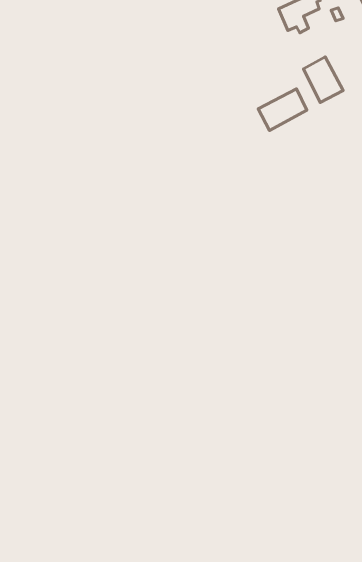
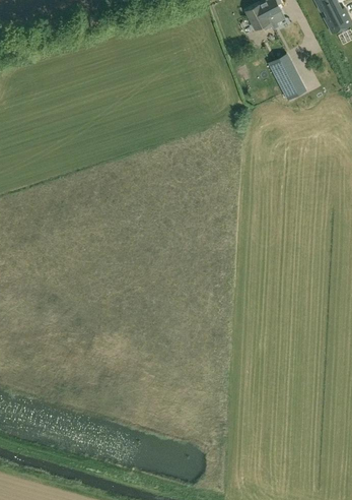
building: [258,89,307,131] -> none

